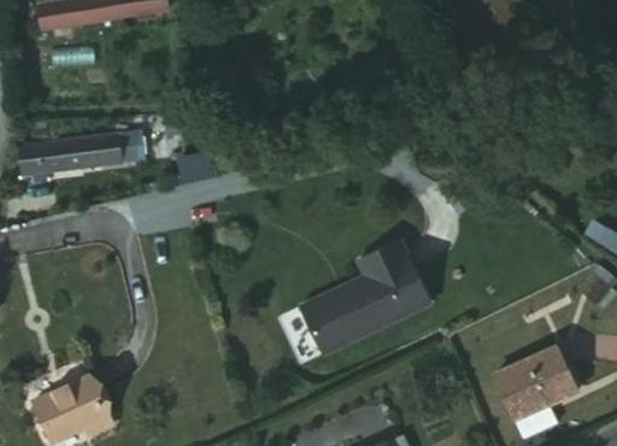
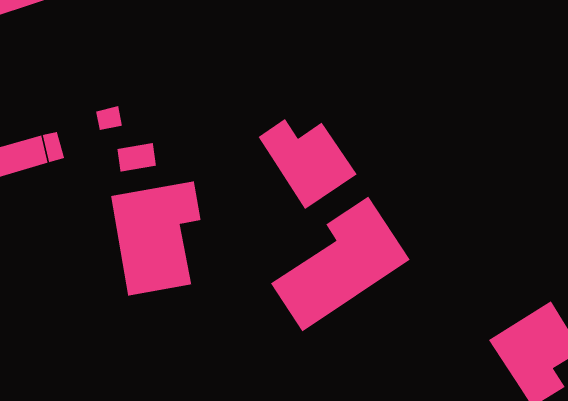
building: none -> [257,118,358,210]
building: none -> [110,180,201,297]

